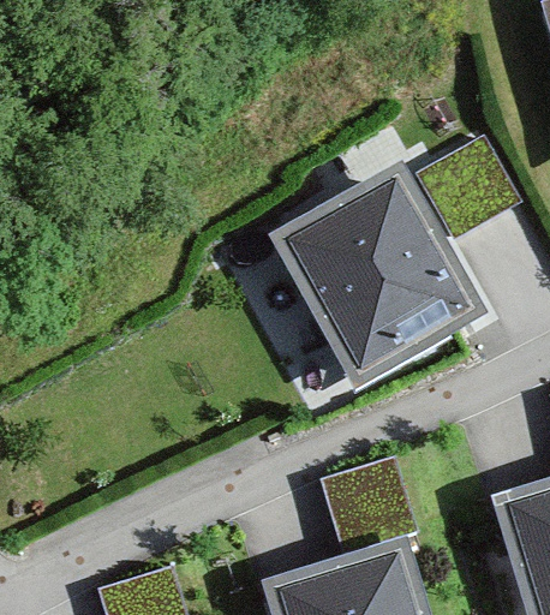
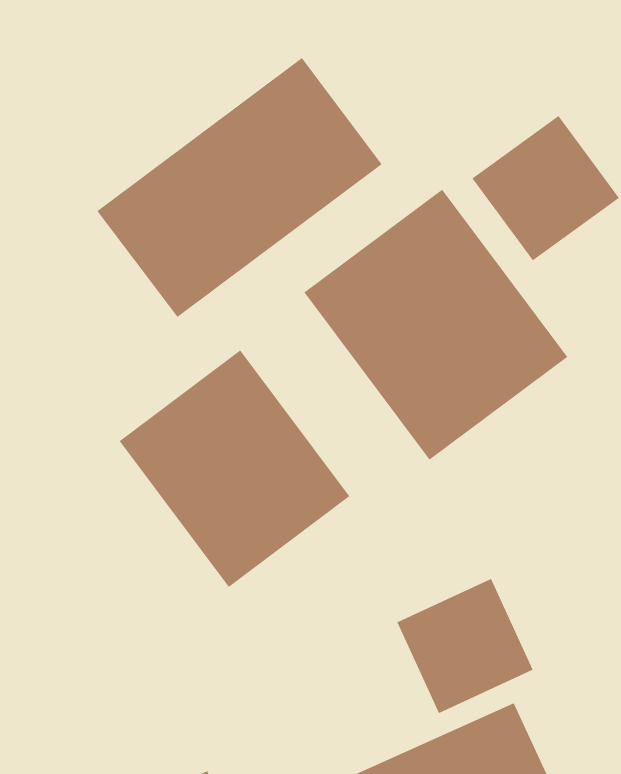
building: none -> [97,57,383,318]
building: none -> [119,350,350,588]

